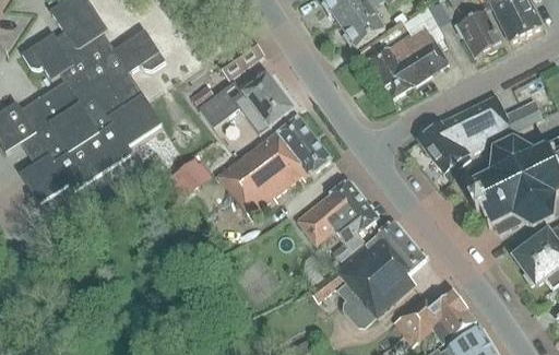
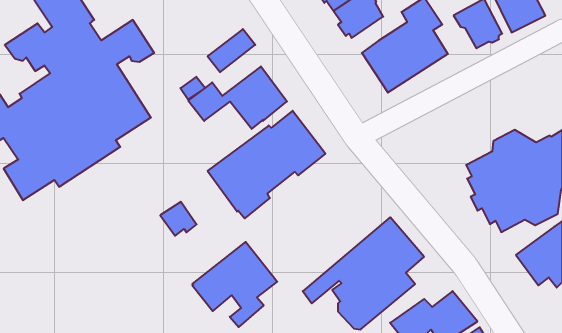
building: [417,95,543,171] -> none
building: [175,157,210,190] -> [160,202,197,236]
building: [296,179,378,261] -> [192,242,277,327]

